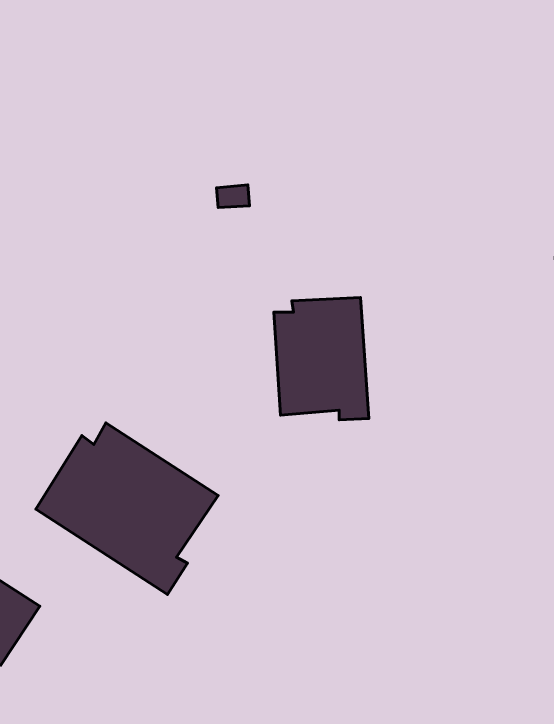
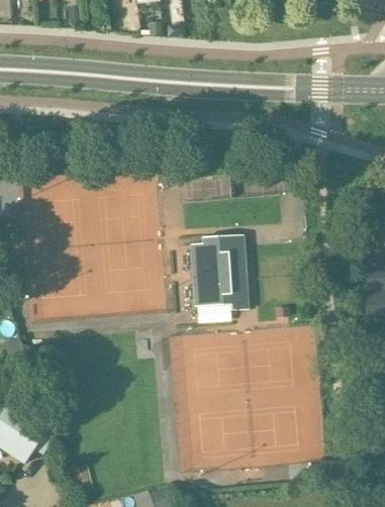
building: [36,423,218,595] -> none

